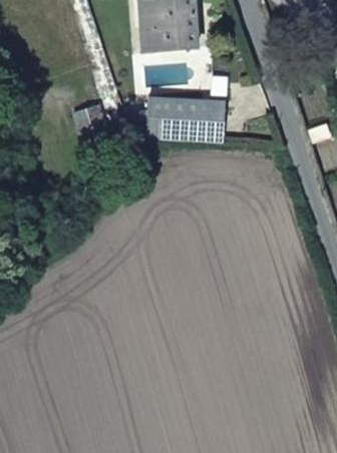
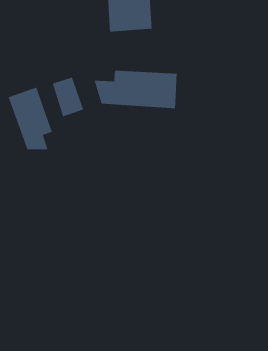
building: none -> [7,87,53,150]

